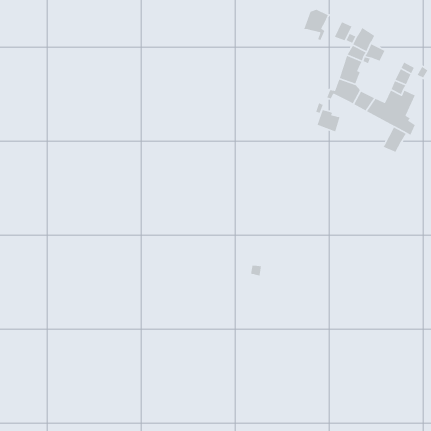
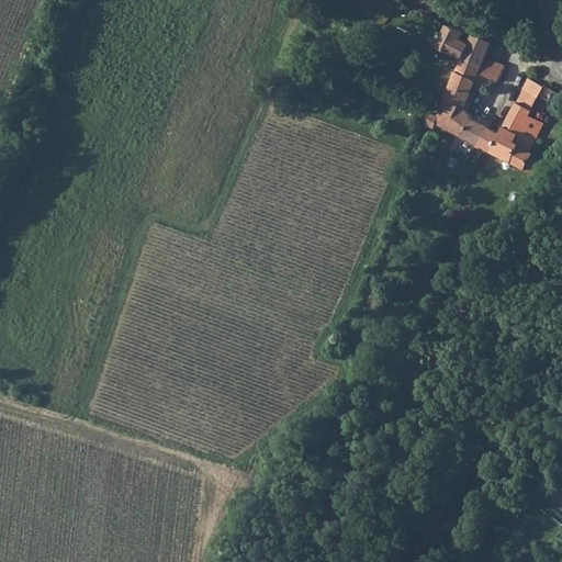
building: [303,9,329,41] -> none
building: [316,109,341,133] -> none
building: [383,127,407,153] -> none

